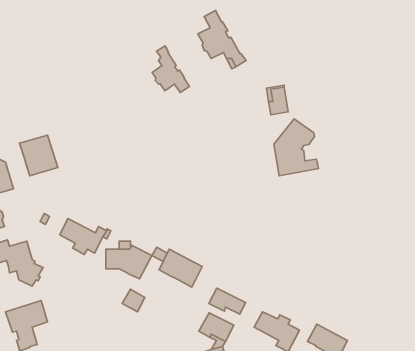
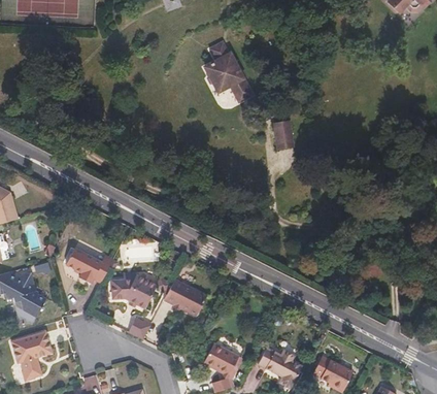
building: [152,46,190,93] -> none
building: [274,119,319,176] -> none
building: [20,135,58,176] -> none
building: [209,288,246,314] -> none

